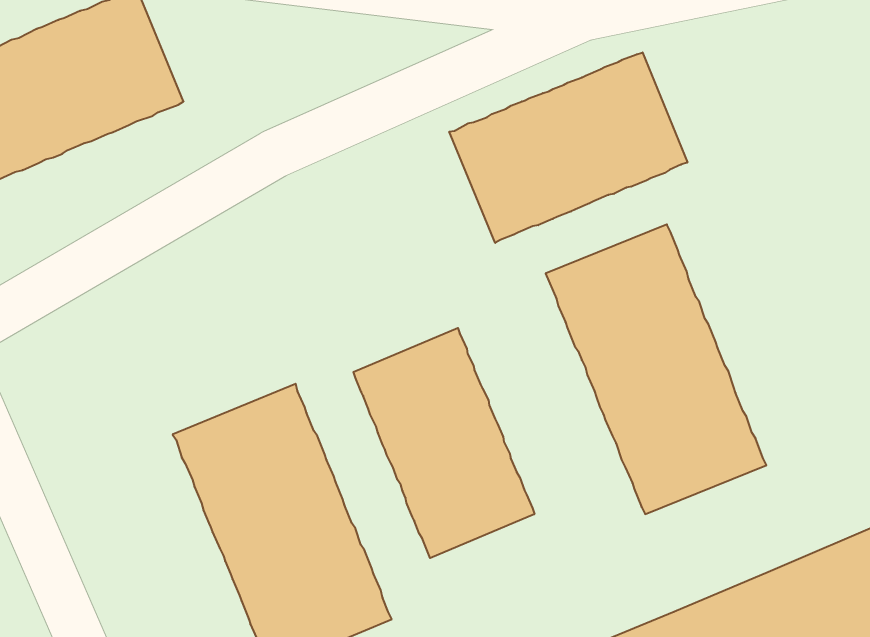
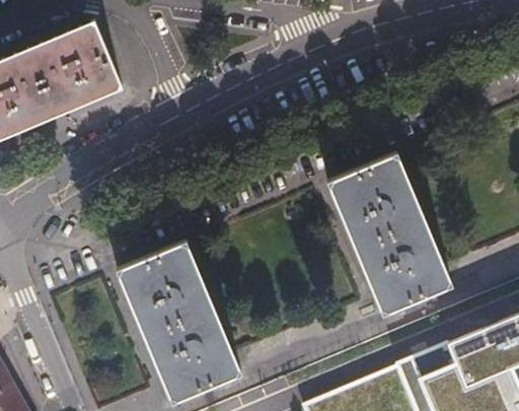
building: [449,52,687,243] -> none
building: [353,328,534,558] -> none

